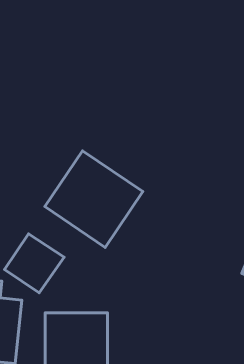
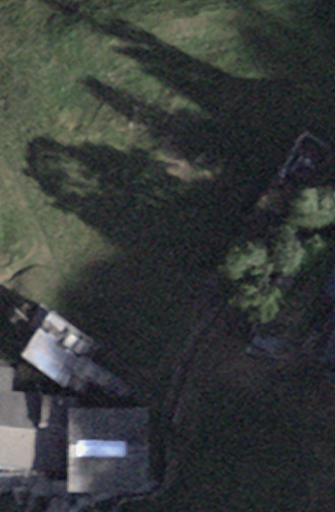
building: [45,151,143,247] -> none

